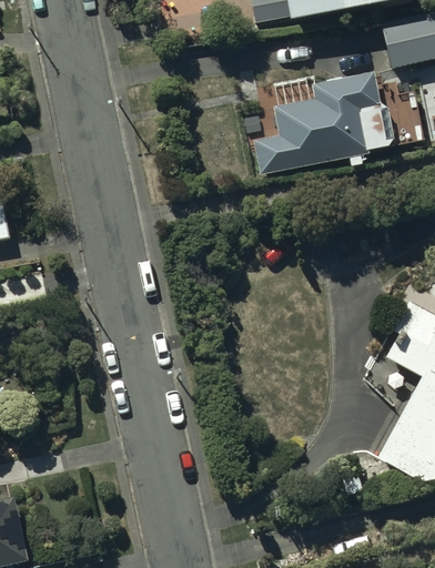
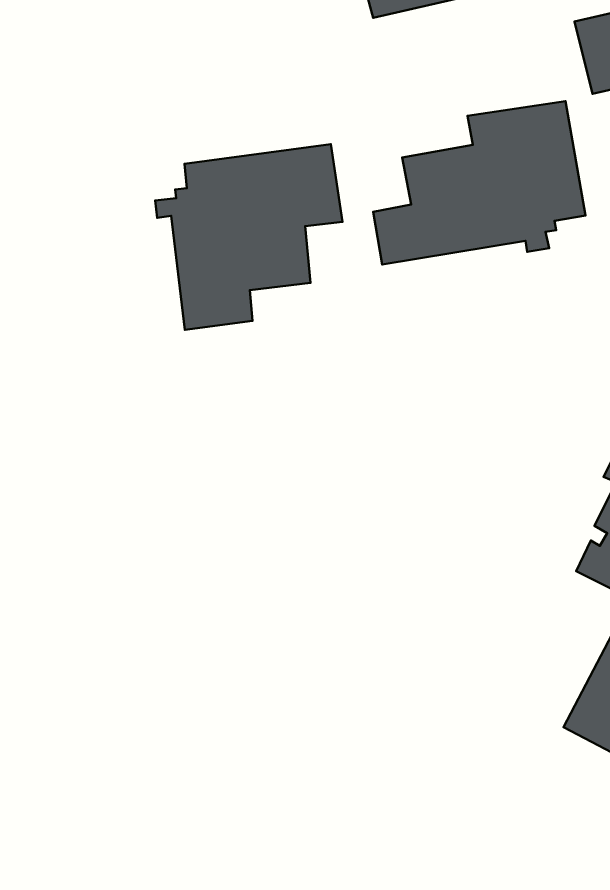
building: none -> [155,144,342,330]

